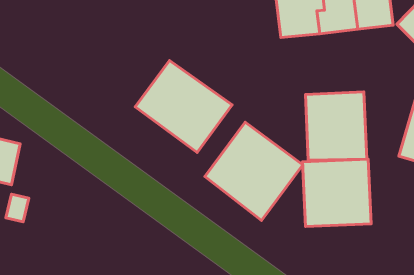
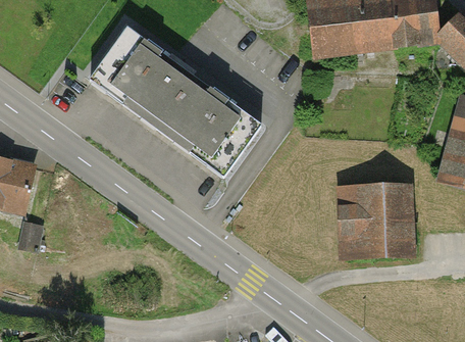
building: none -> [91,28,194,127]
building: [305,92,367,160] -> none
building: [205,122,303,220] -> none

